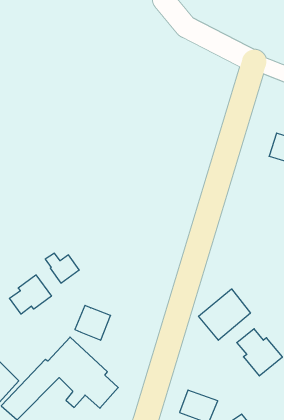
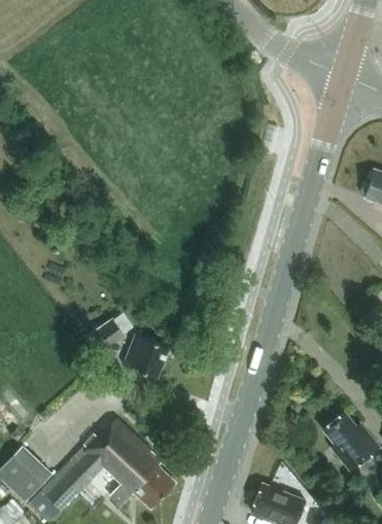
building: [9,275,51,314] -> none
building: [199,289,250,340] -> none
building: [75,305,111,340] -> [125,336,169,379]

